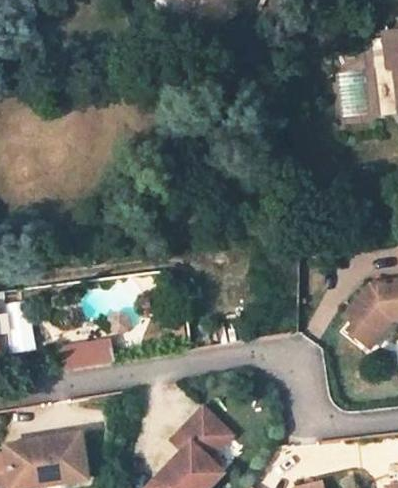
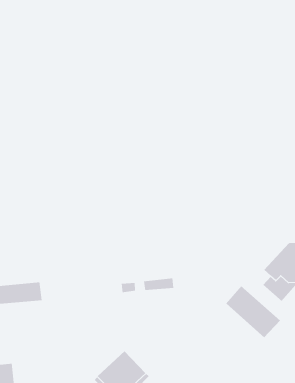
building: none -> [226,286,281,338]

